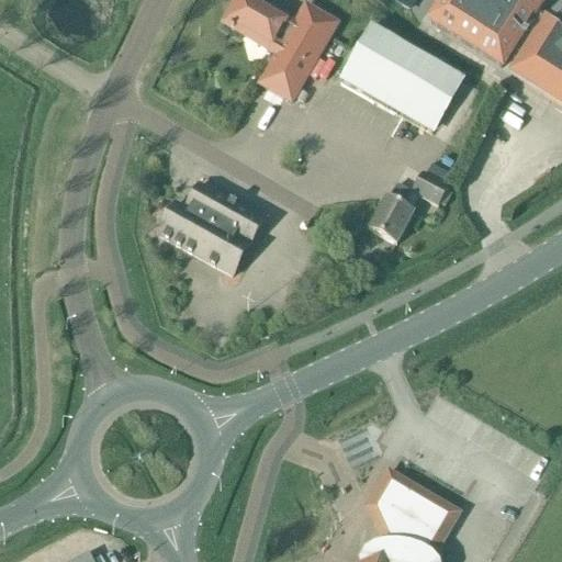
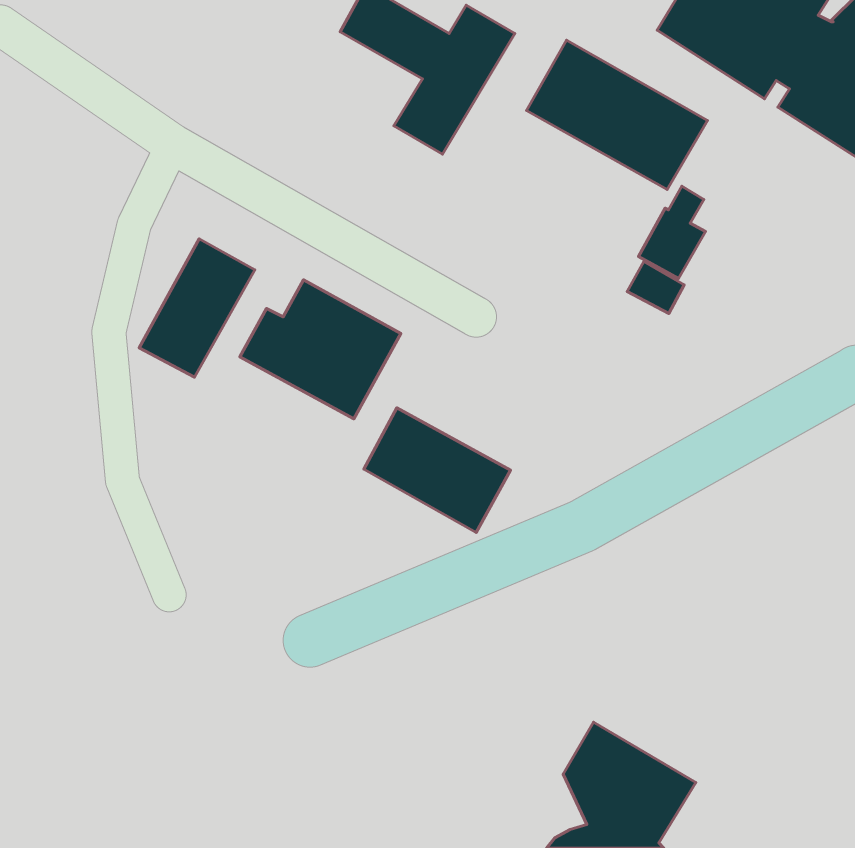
building: none -> [139,239,255,377]
building: [369,182,413,243] -> [638,186,705,278]
building: none -> [364,408,510,533]

